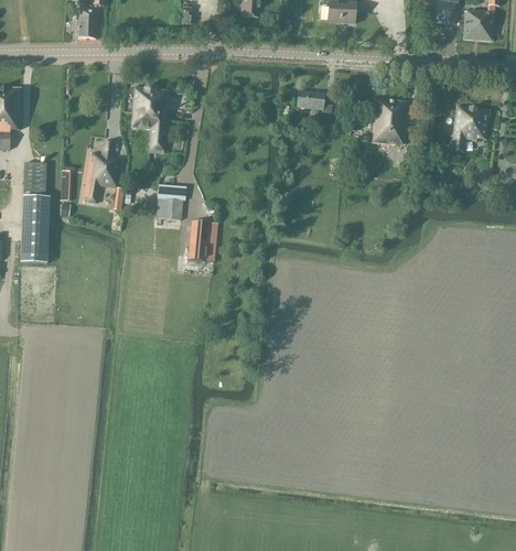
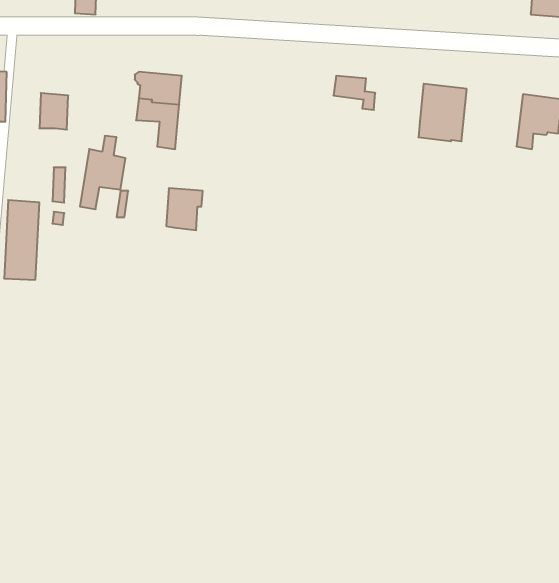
building: [22,162,46,193] -> [39,93,68,130]
building: [189,222,212,260] -> none

